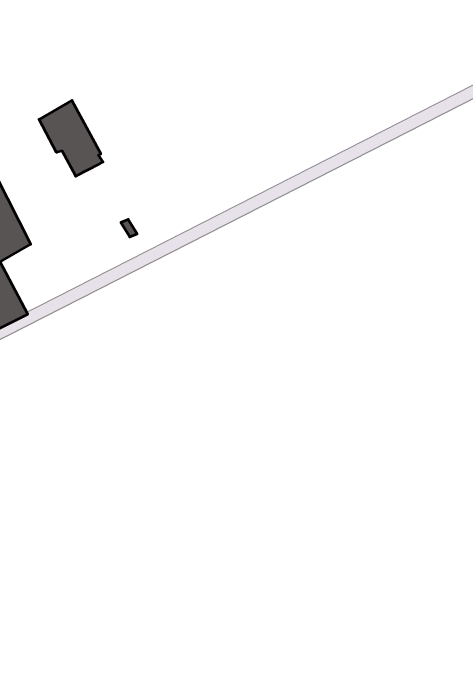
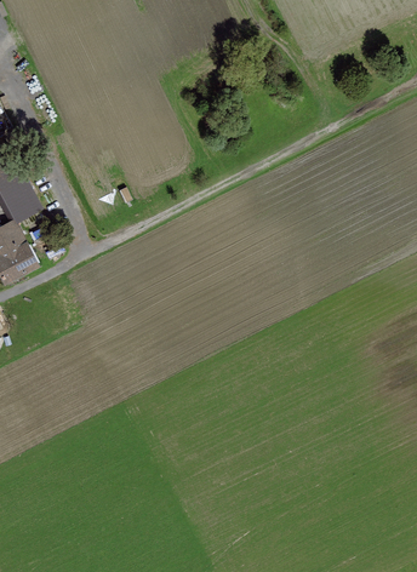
building: [39,100,103,176] -> none

